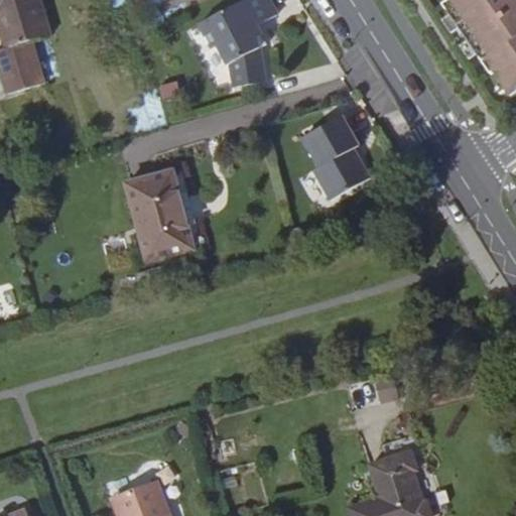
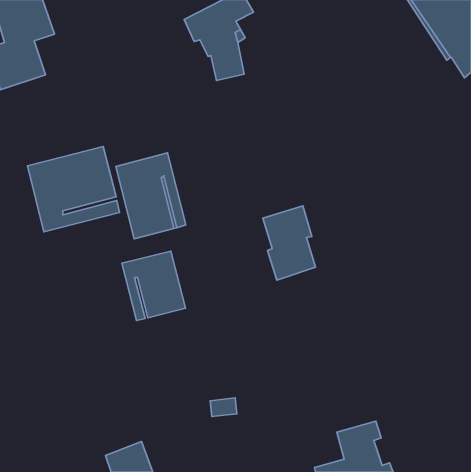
building: [302,113,360,194] -> [263,206,316,280]
building: none -> [28,147,120,232]
building: none -> [122,251,185,320]

